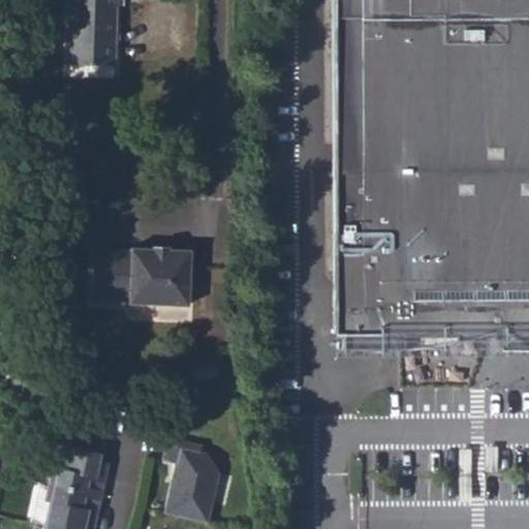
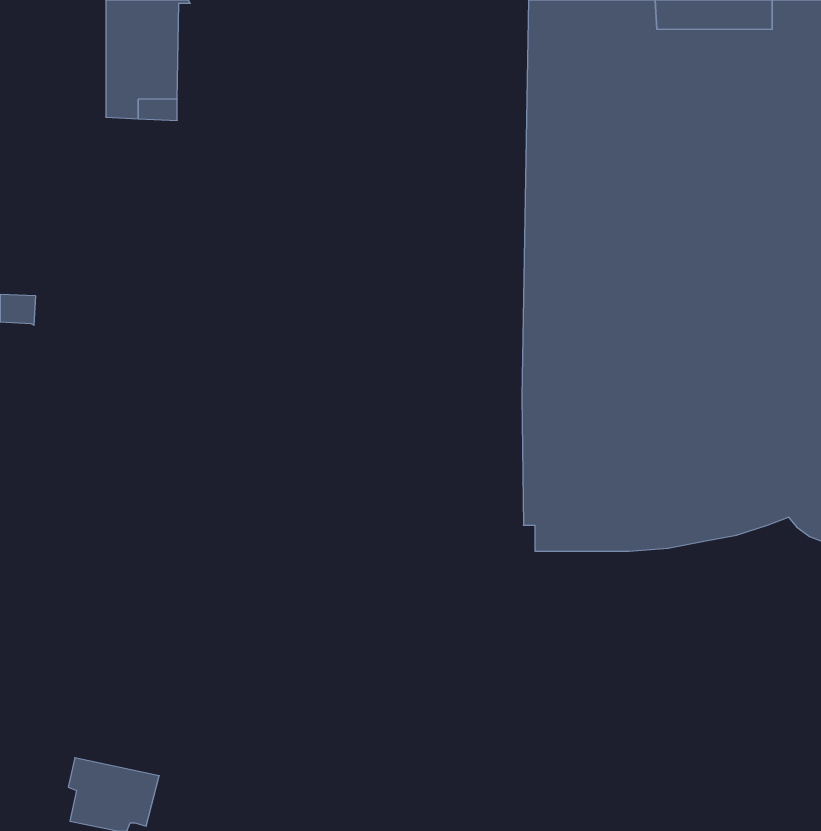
building: [86,242,188,309] -> none
building: [170,435,226,520] -> none
building: [54,441,114,493] -> none

